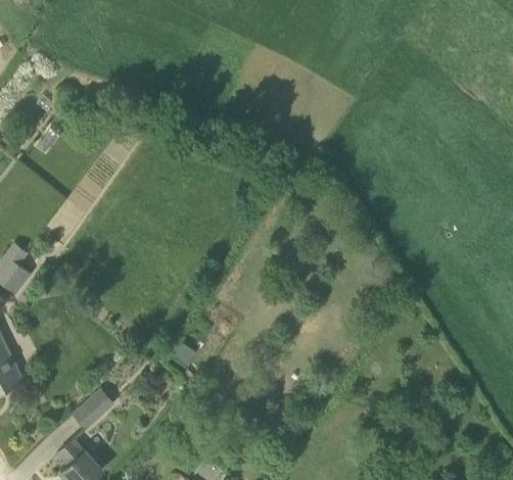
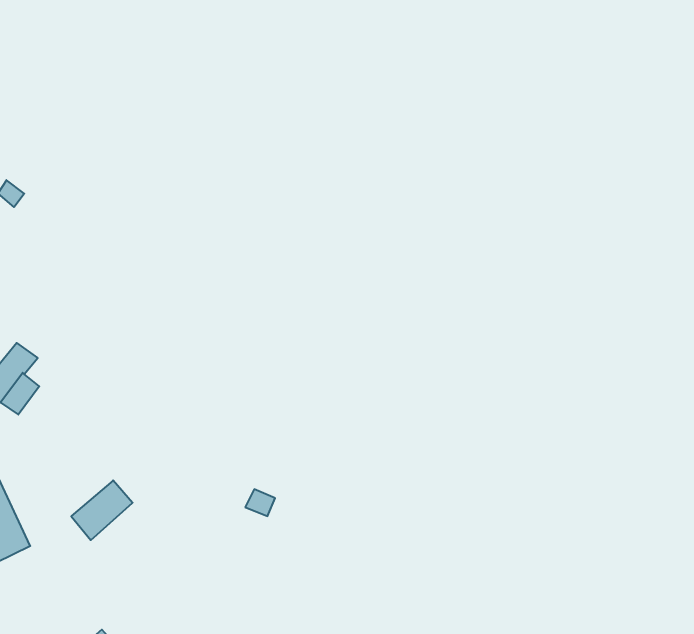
building: [72,388,113,429] -> [71,480,133,540]

